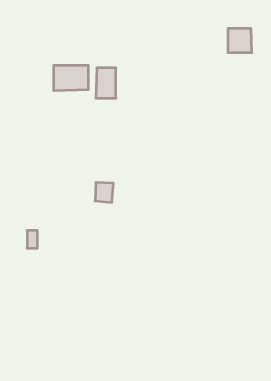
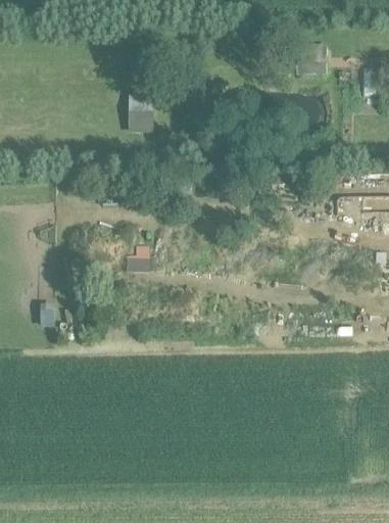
building: [54,65,88,91] -> none

